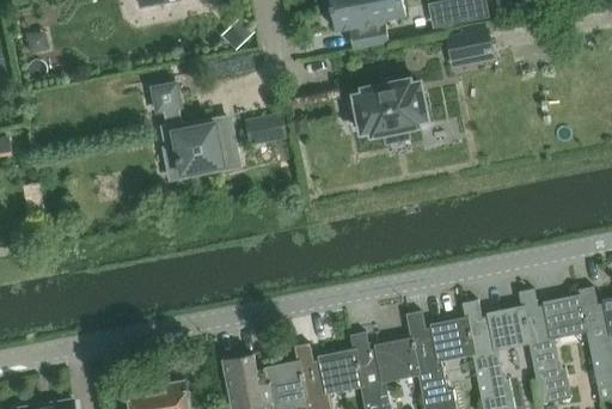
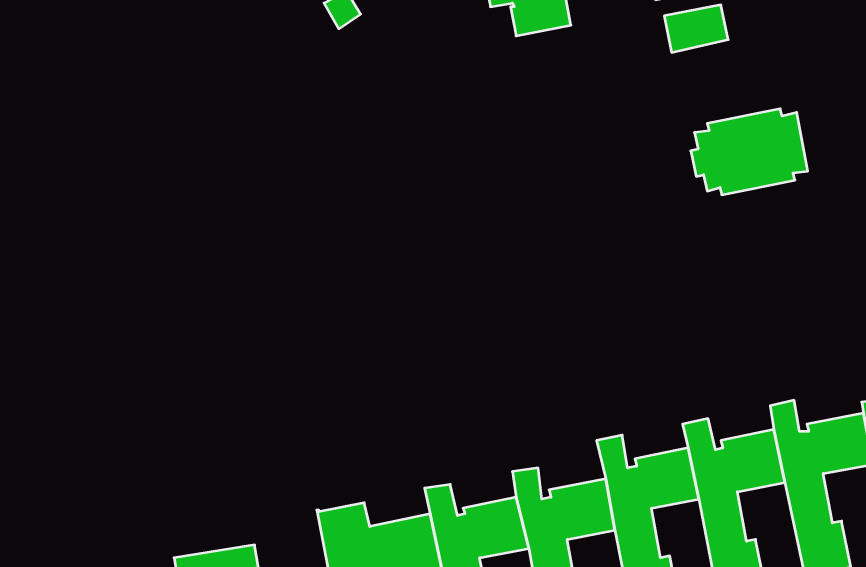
building: [351,79,428,135] -> [691,109,808,195]
building: [153,83,225,173] -> none
building: [244,110,288,145] -> none

